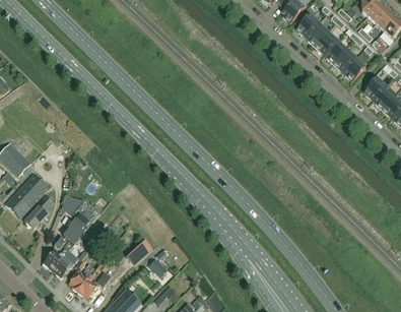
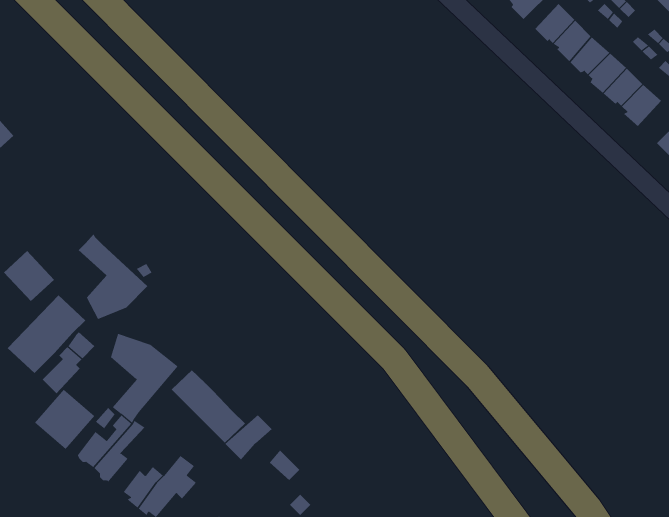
building: none -> [78,234,148,320]
building: none -> [171,369,246,444]
building: none -> [34,389,95,450]

